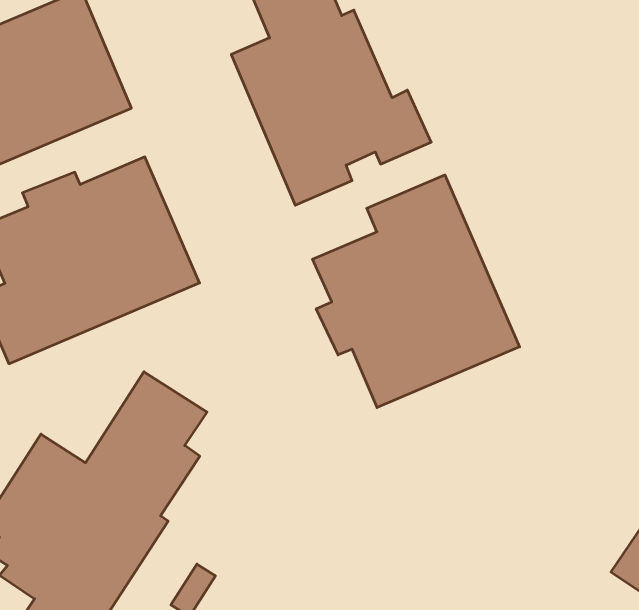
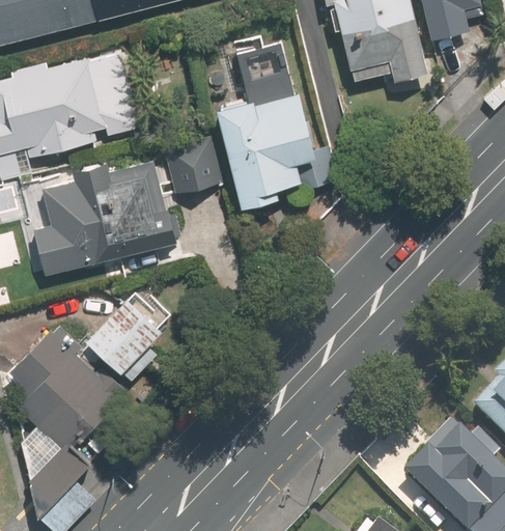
building: none -> [162,140,217,194]
building: [313,175,520,408] -> none

